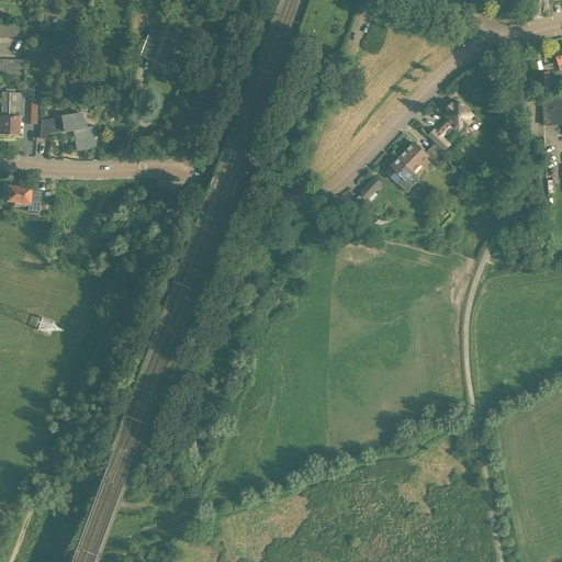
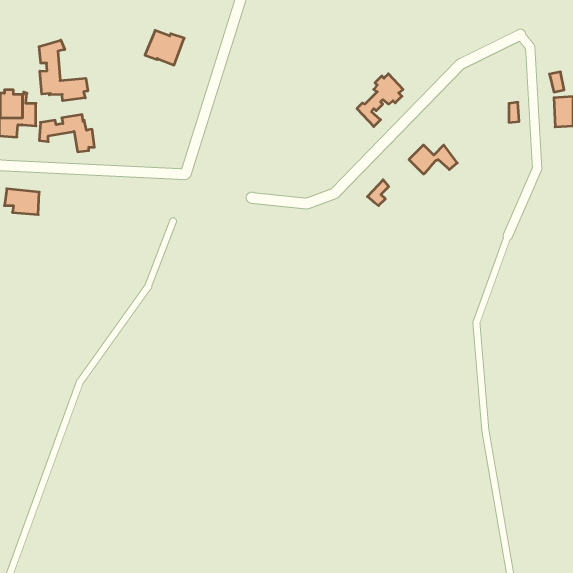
building: none -> [39,40,88,101]
building: [427,100,472,151] -> [357,74,403,127]
building: [385,156,418,190] -> none

